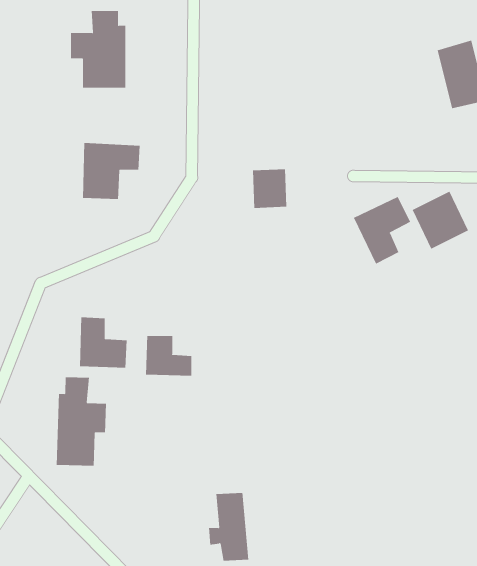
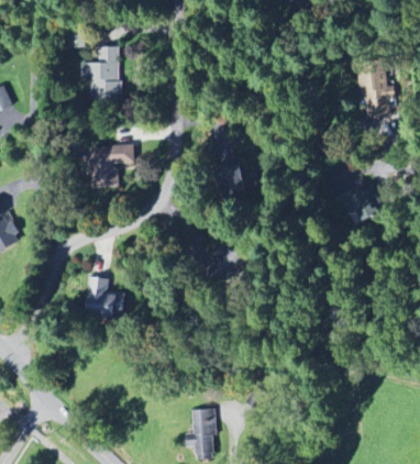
building: [353,196,411,265] -> none
building: [146,335,192,377] -> none
building: [56,377,106,467] -> none

